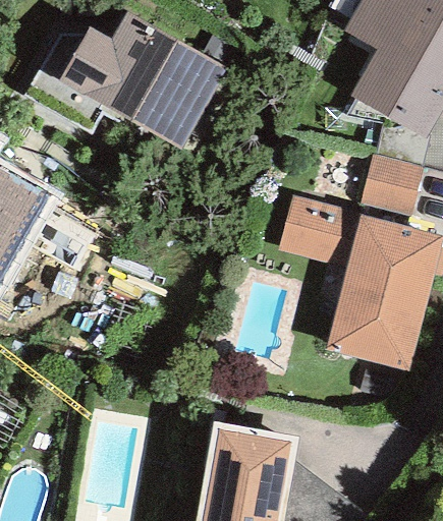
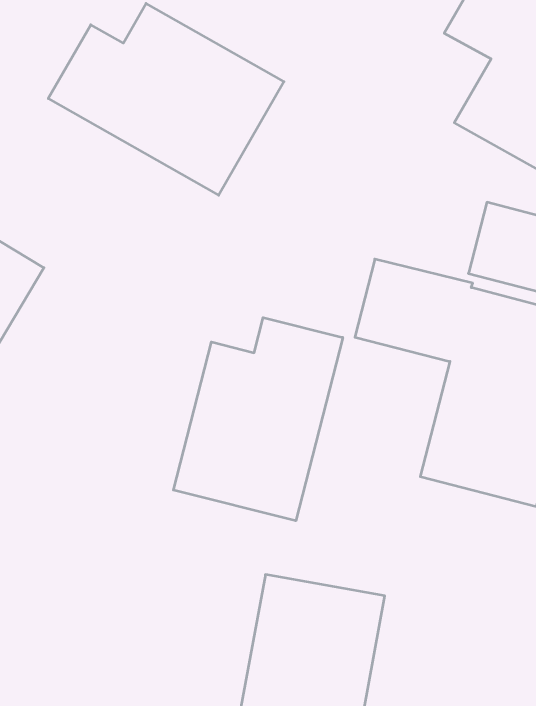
building: none -> [173,318,343,521]

